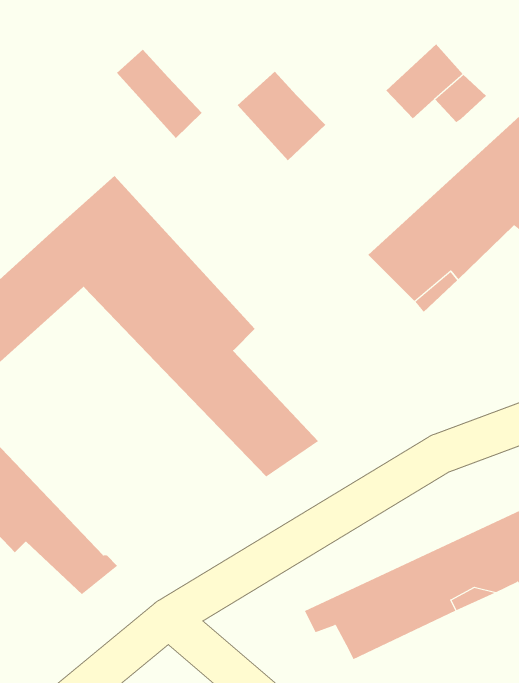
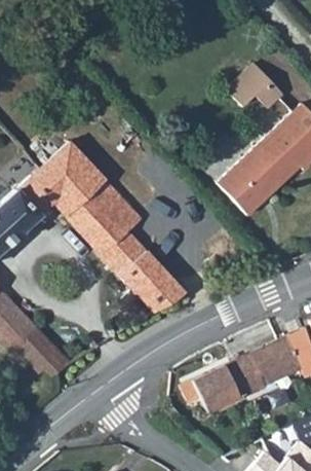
building: [116,49,203,139] -> none
building: [237,71,326,161] -> none

